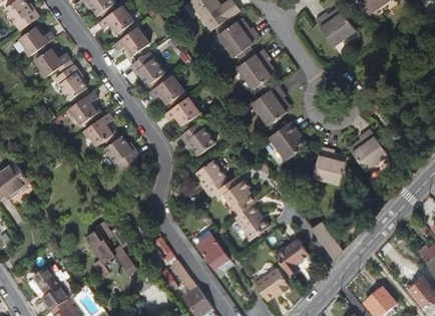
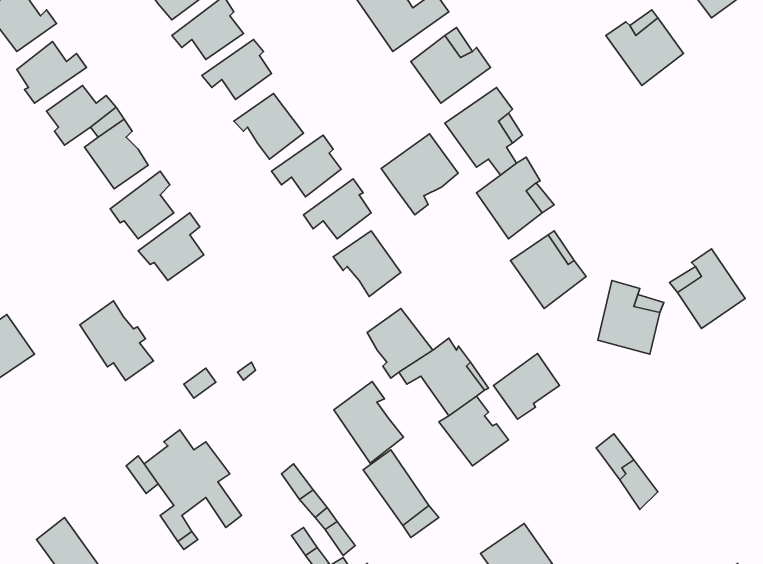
building: none -> [381,134,458,215]
building: [104,135,141,176] -> [80,301,153,381]
building: none -> [334,382,403,463]
building: [275,239,308,272] -> [494,354,559,419]

